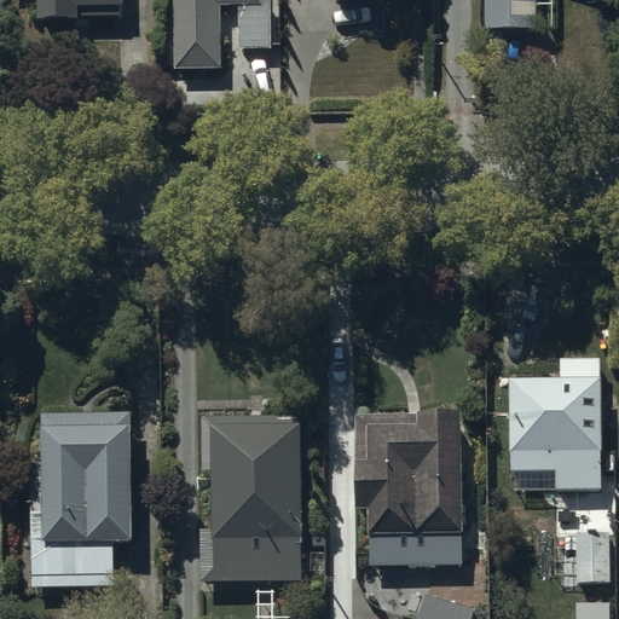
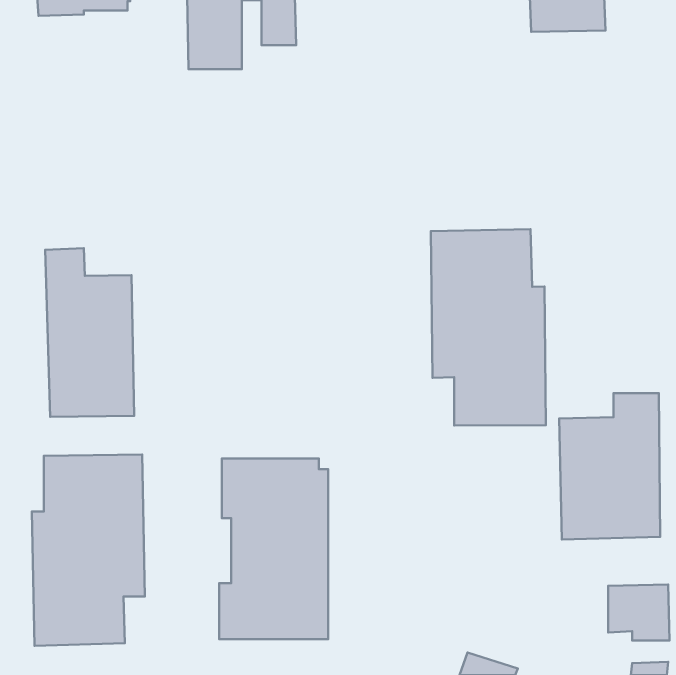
building: none -> [431,229,546,425]
building: none -> [45,248,134,417]
building: [354,413,479,566] -> none

